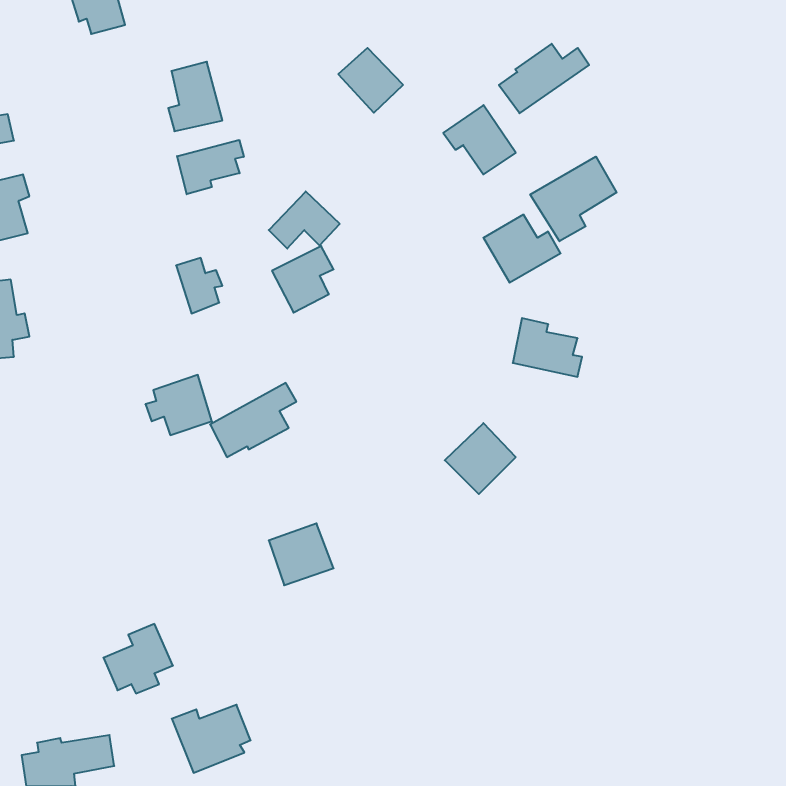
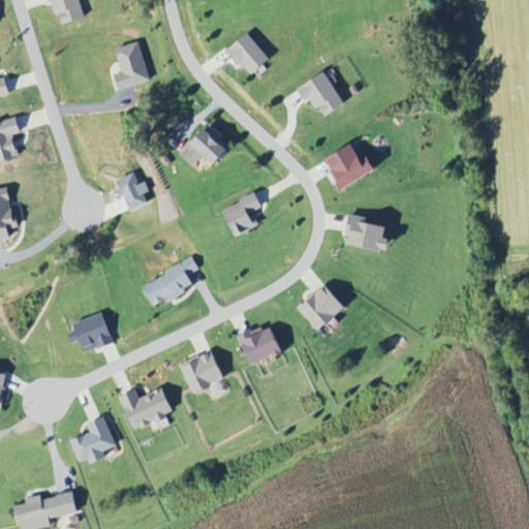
building: [499,44,589,113] -> none
building: [177,140,244,194] -> none
building: [530,157,617,241] -> none
building: [272,246,334,313] -> [221,192,262,237]
building: [145,375,212,435] -> [67,312,112,352]
building: none -> [238,322,282,366]
building: [172,705,251,773] -> [119,386,172,432]

